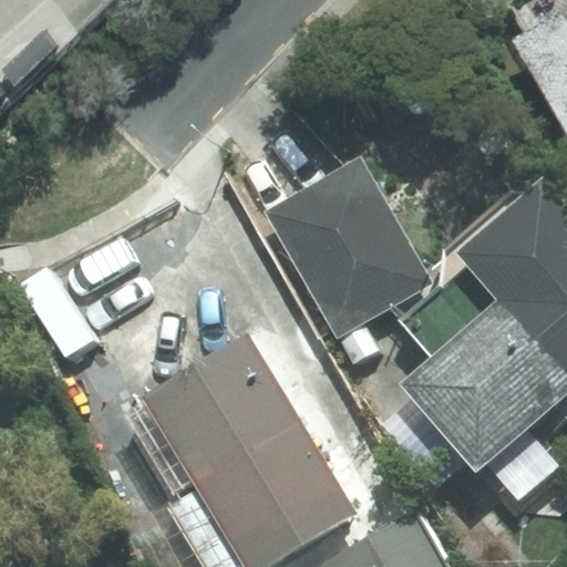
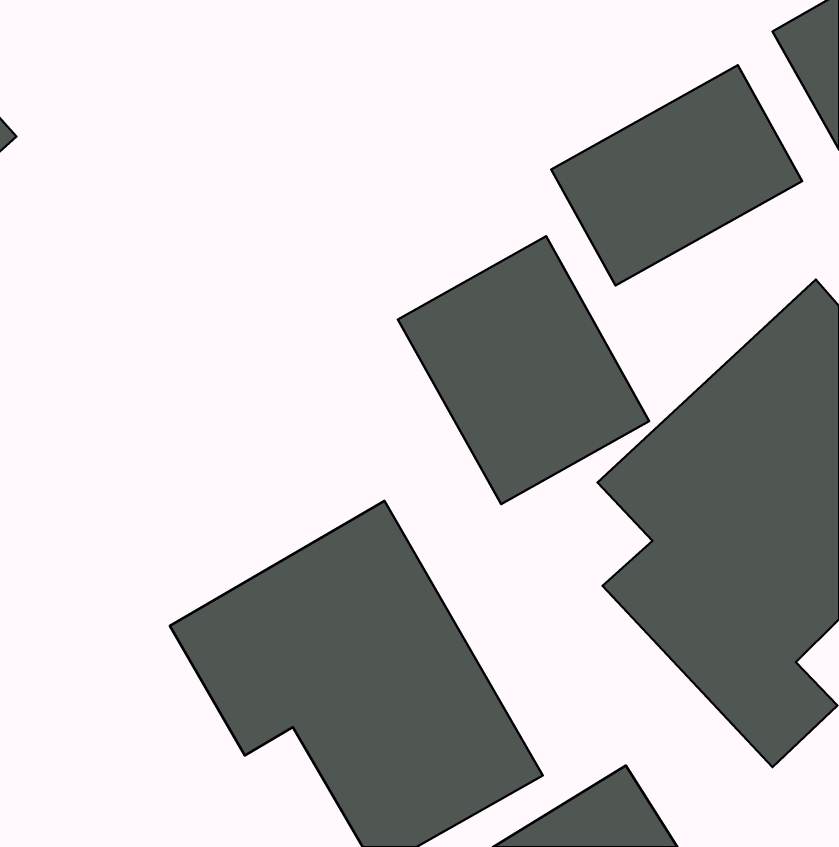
building: none -> [551,65,802,285]

